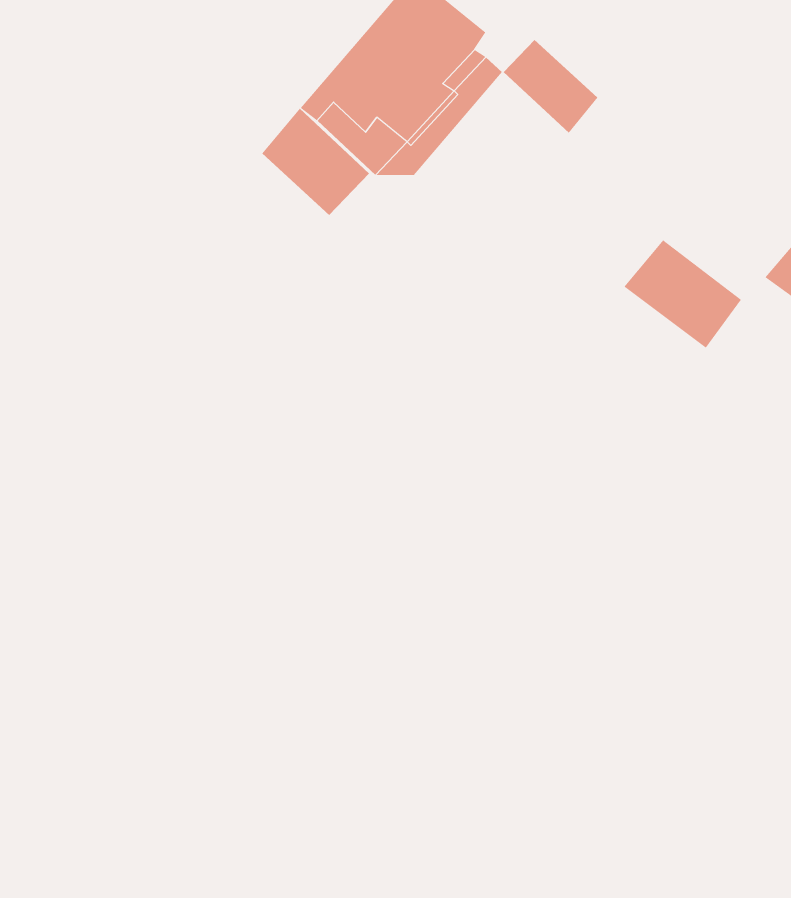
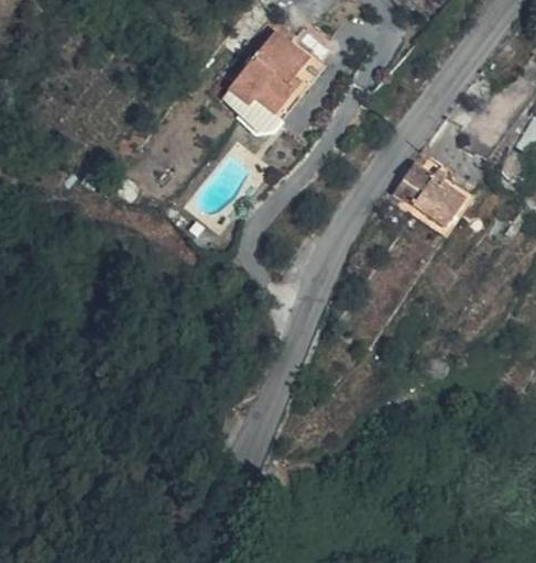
building: [503,39,598,133] -> none
building: [261,108,370,216] -> none

